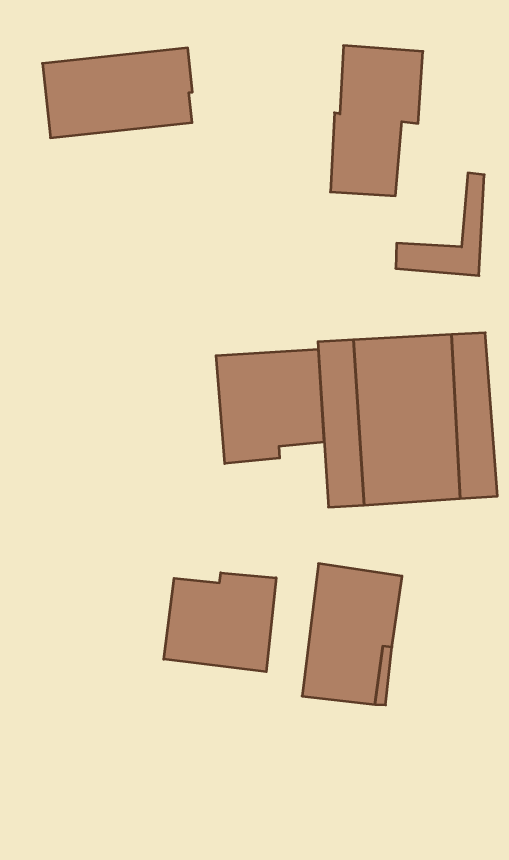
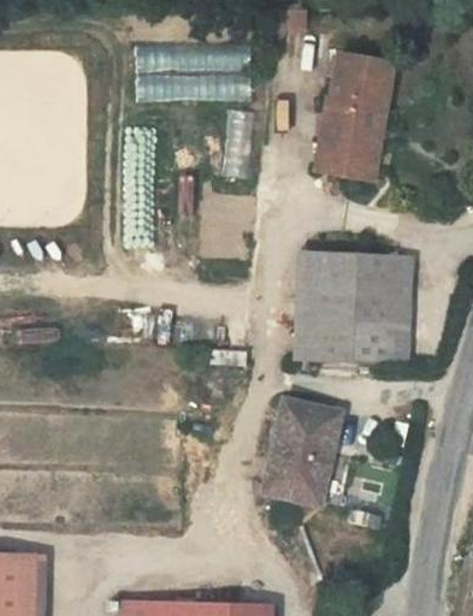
building: [396,173,484,276] -> [317,111,383,180]
building: [216,349,324,464] -> none
building: [164,573,276,672] -> none

